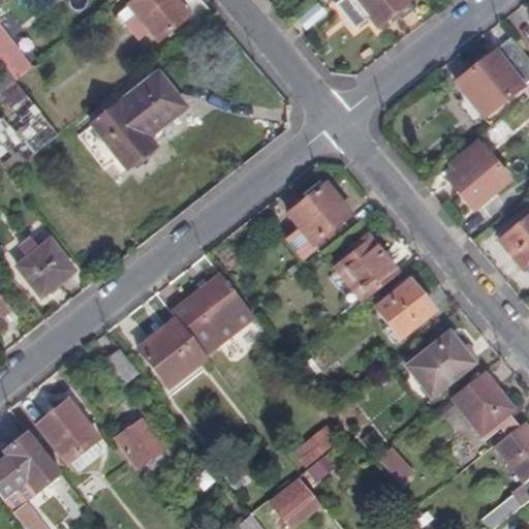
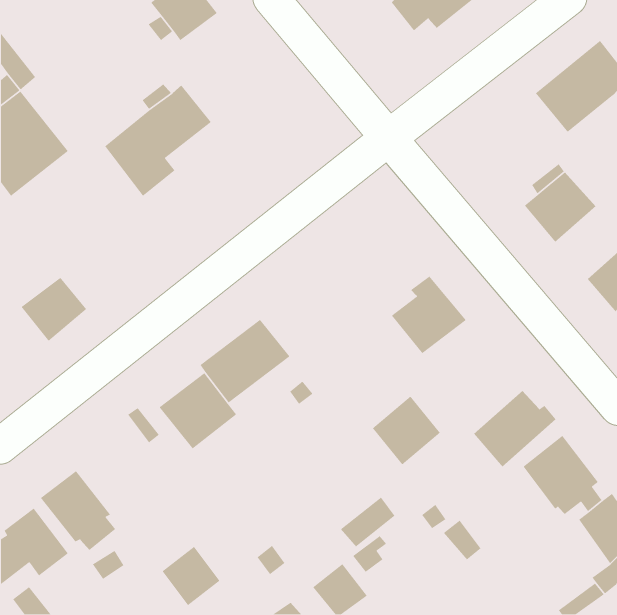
building: [281,183,350,256] -> none
building: [377,279,436,339] -> [372,395,441,466]
building: [113,418,163,470] -> [161,546,221,606]

